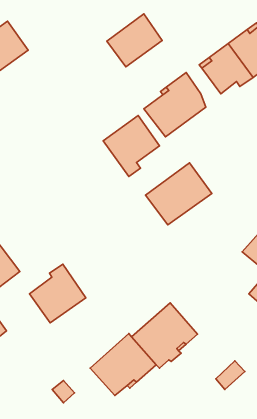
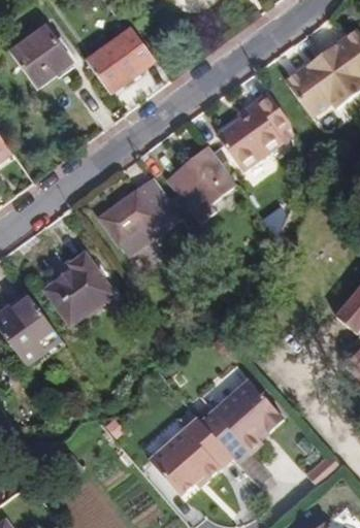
building: [107,14,162,67] -> [86,28,155,94]
building: [146,163,212,225] -> [100,177,183,255]
building: [30,264,86,323] -> [43,253,113,326]

